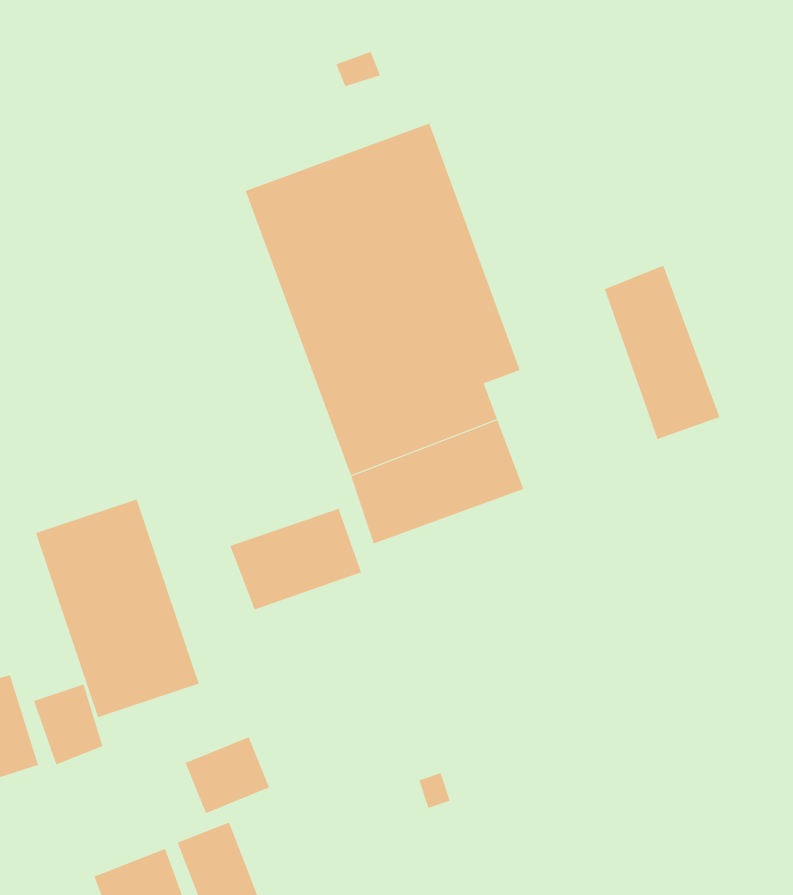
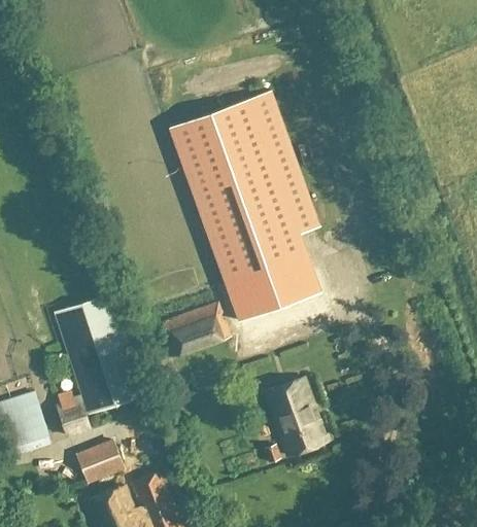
building: [604,265,720,440] -> none
building: none -> [261,375,329,459]
building: [185,736,270,814] -> [76,441,123,483]

